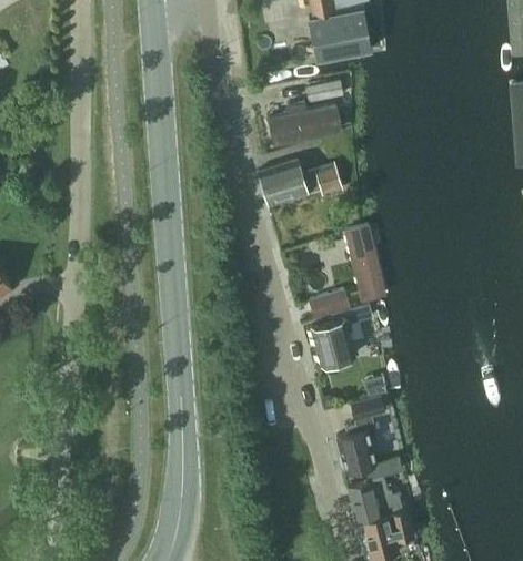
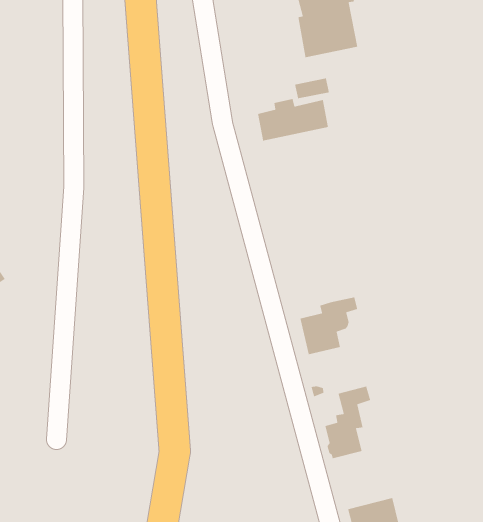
building: [258,161,343,207] -> none
building: [344,225,386,303] -> none
building: [310,290,349,318] -> none
building: [348,459,403,522] -> none

